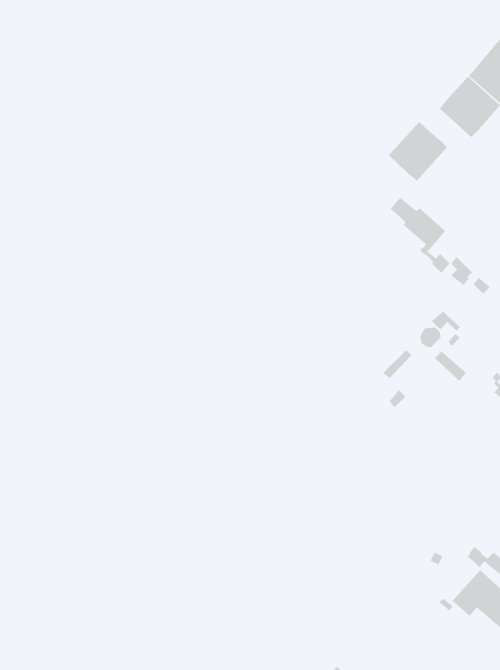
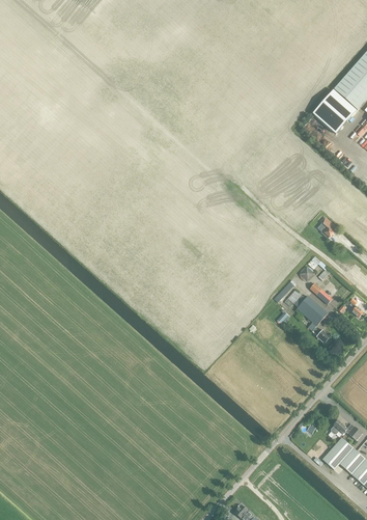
building: [388,121,448,181] -> none
building: [390,197,451,274] -> [288,289,331,343]

